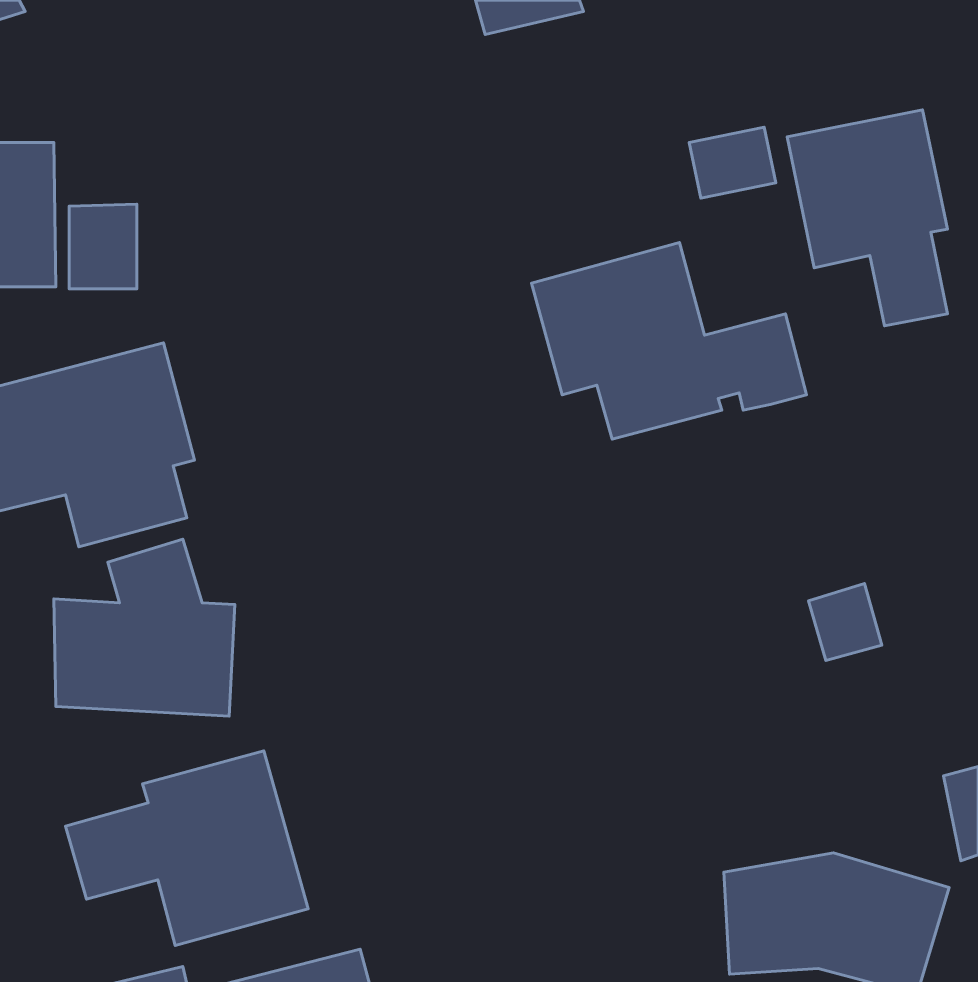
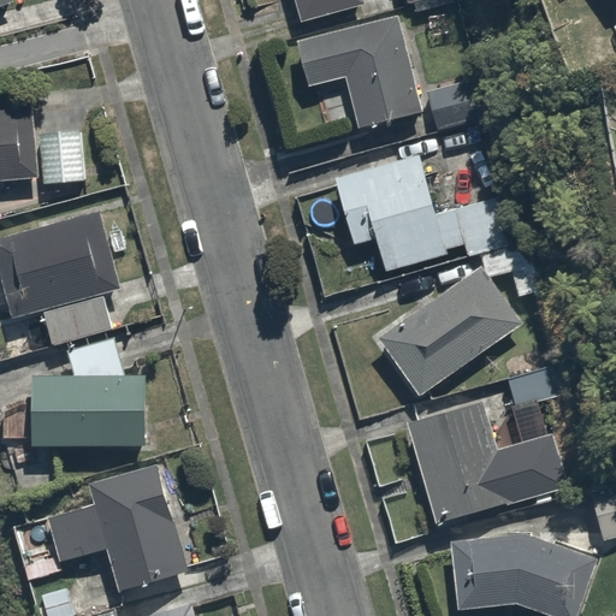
building: none -> [290,16,425,125]
building: [787,110,947,326] -> none
building: none -> [373,253,519,397]
building: none -> [403,397,565,522]

